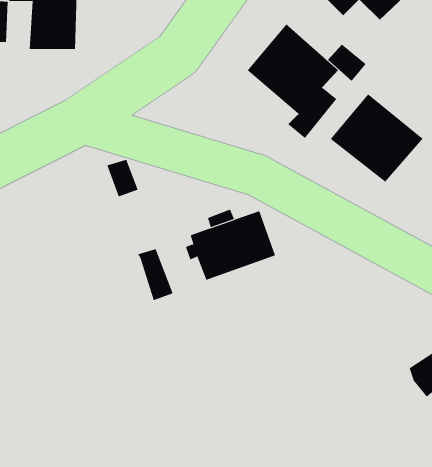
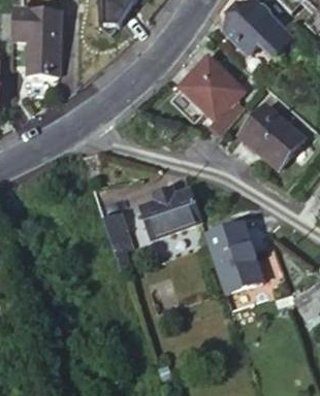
building: none -> [205,222,262,292]

